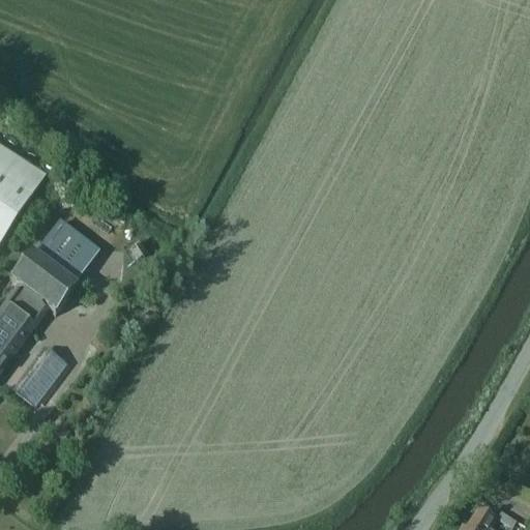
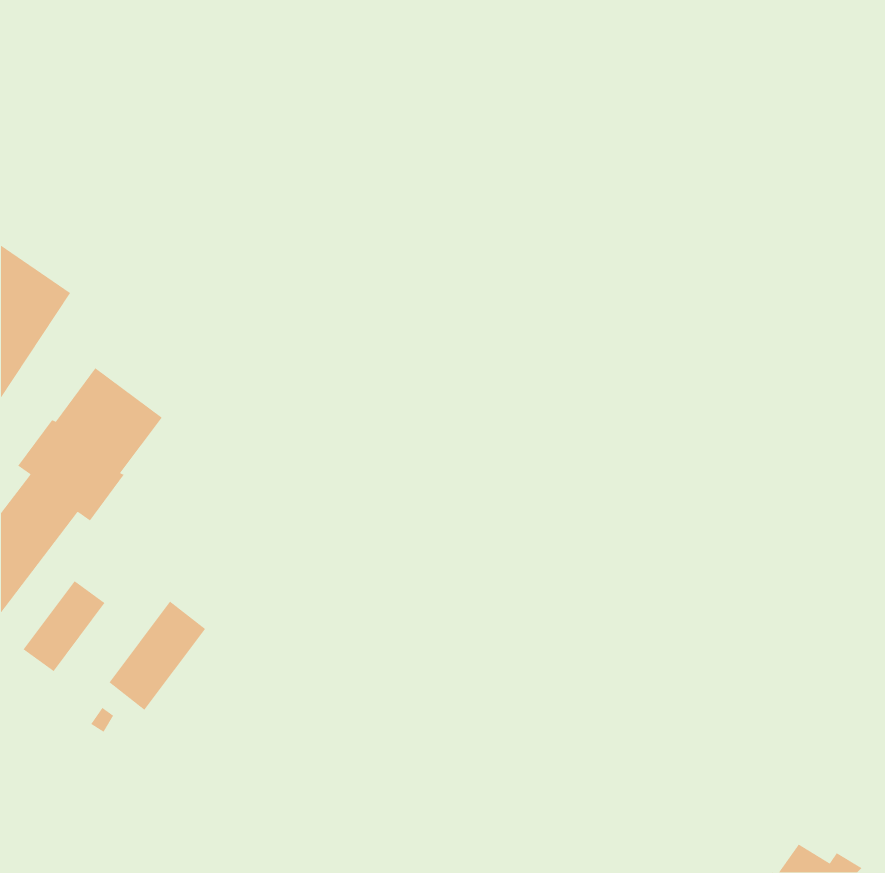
building: none -> [108,601,206,711]

